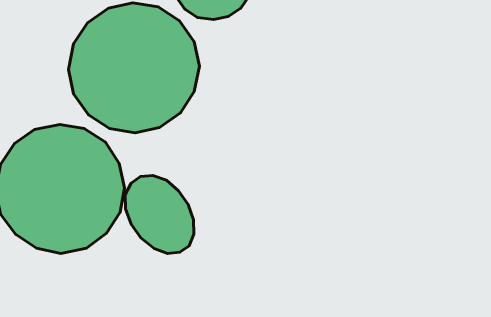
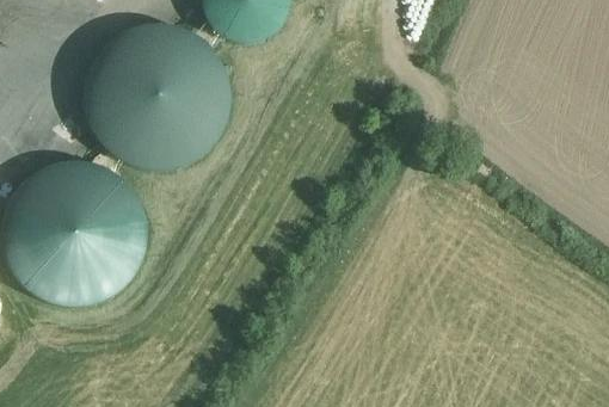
building: [125,175,194,253] -> none

